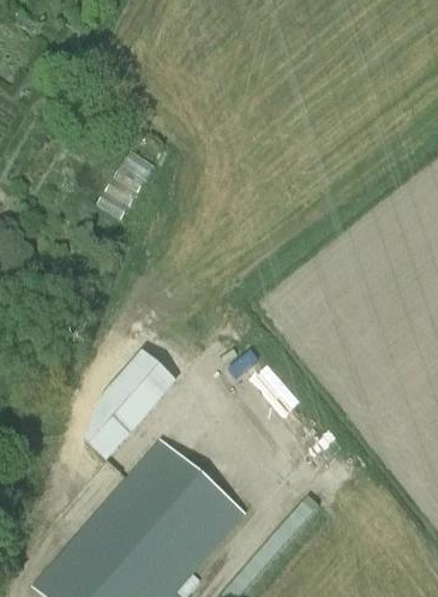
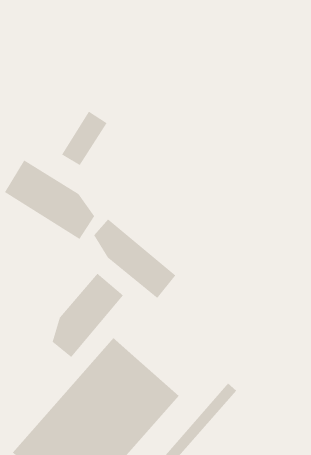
building: none -> [4,160,95,240]
building: none -> [94,219,176,299]

